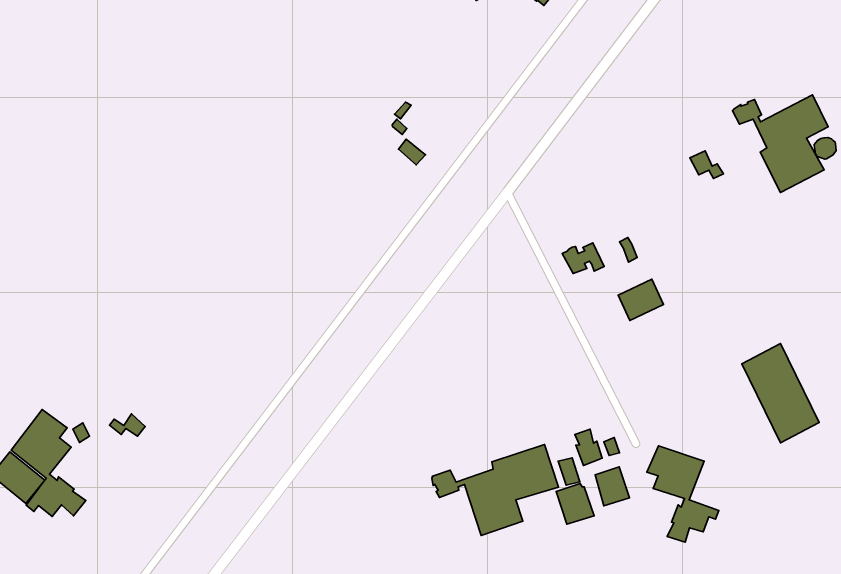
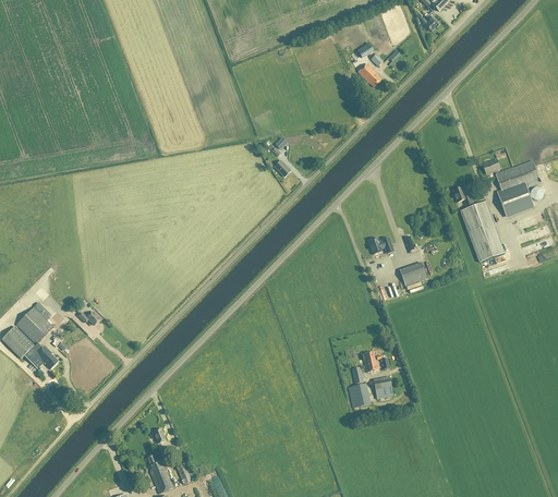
building: [742,344,819,443] -> [460,202,504,263]
building: [432,444,559,535] -> none
building: [647,446,719,542] -> none

